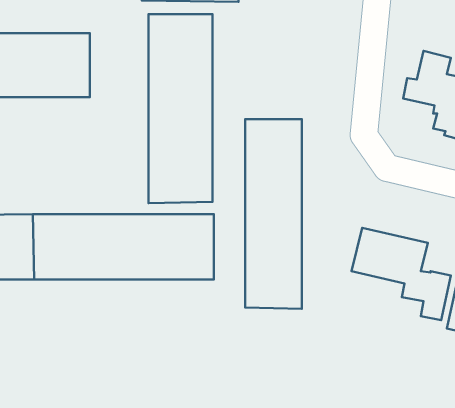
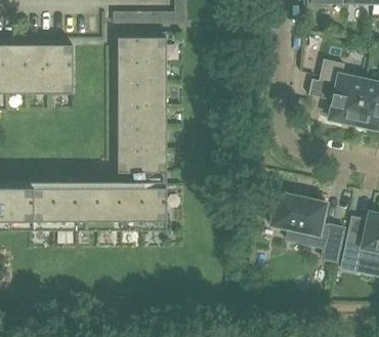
building: [245,119,302,309] -> none

